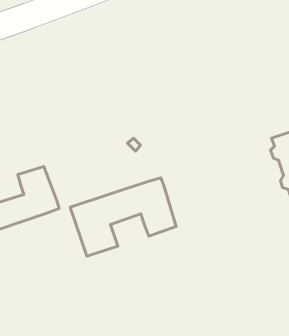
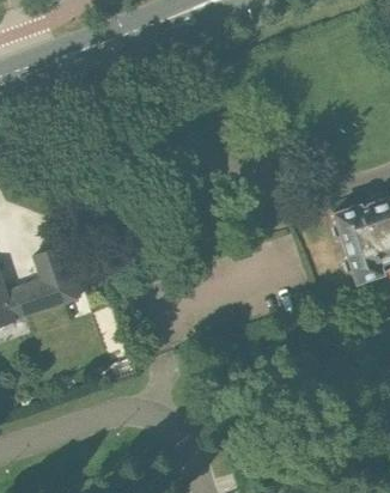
building: [70,178,176,256] -> none

